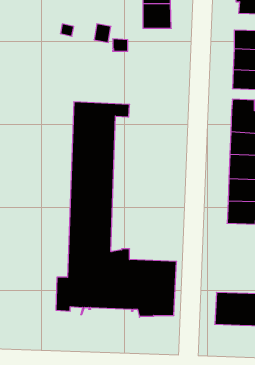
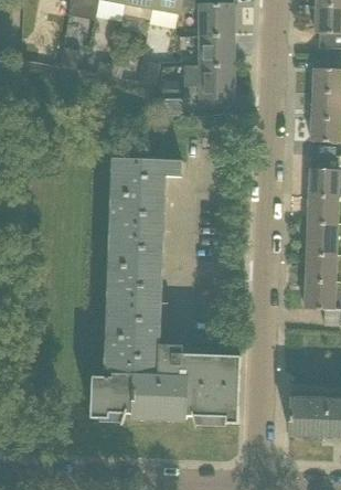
building: none -> [184,65,234,96]

